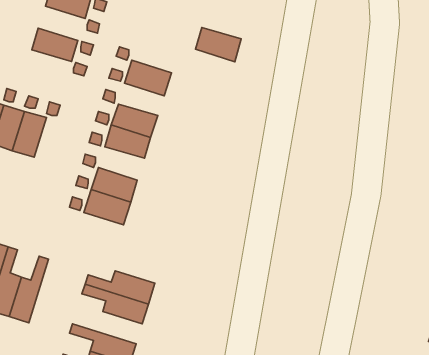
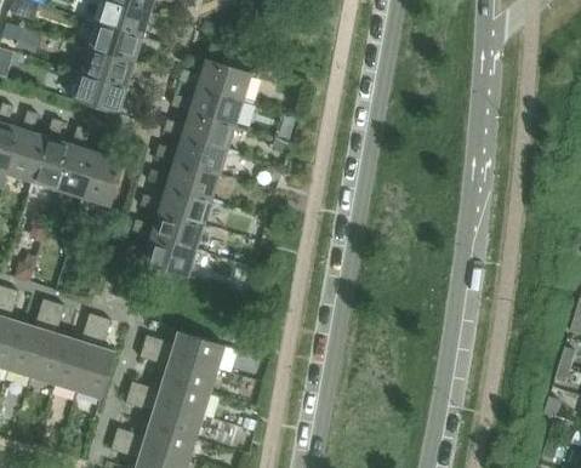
building: none -> [89,23,143,63]
building: [195,27,241,62] -> [198,61,251,101]
building: none -> [73,74,127,115]
building: none -> [182,113,235,150]
building: none -> [84,153,124,207]
building: none -> [159,187,212,226]
building: none -> [78,318,115,399]
building: none -> [129,378,210,416]

